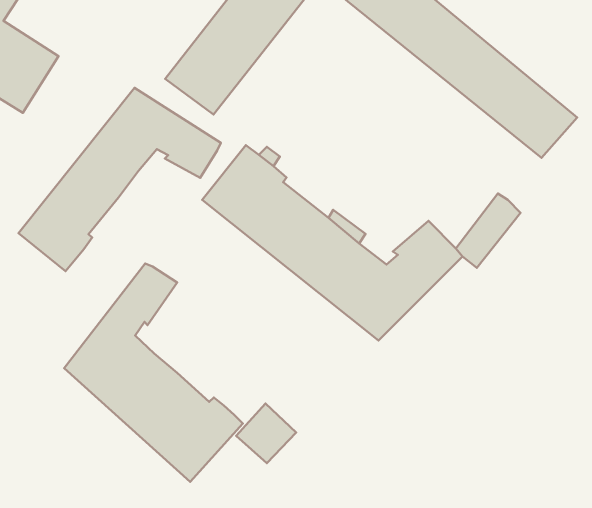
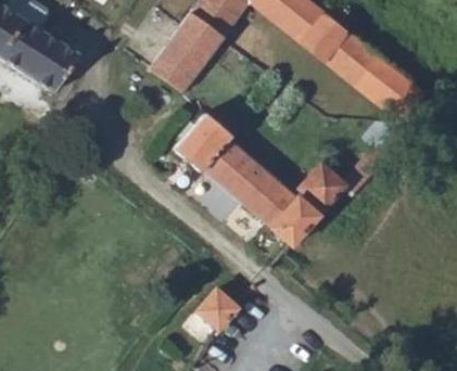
building: [19,88,221,271] -> none
building: [64,263,243,482] -> none

